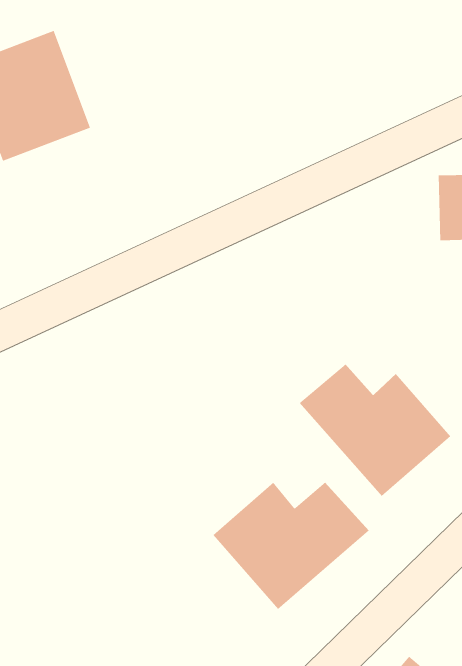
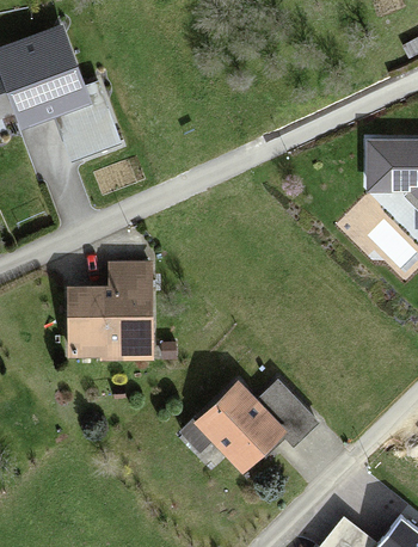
building: none -> [69,268,150,345]
building: [299,363,451,497] -> none

